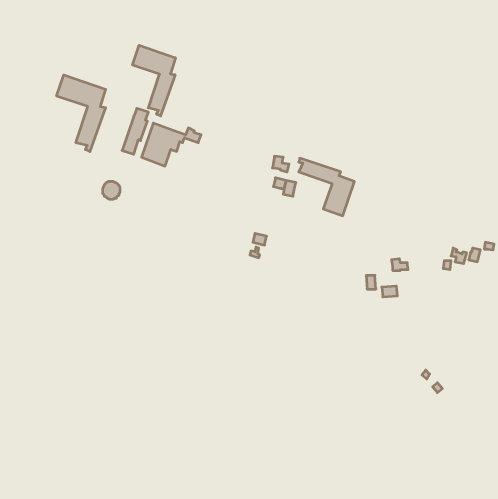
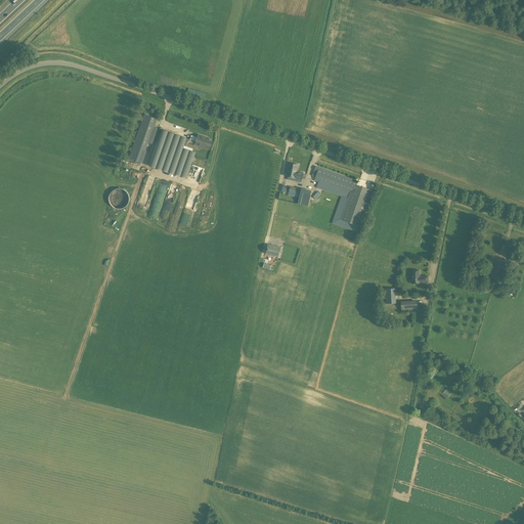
building: [133,45,175,116] -> none
building: [57,75,106,152] -> none

